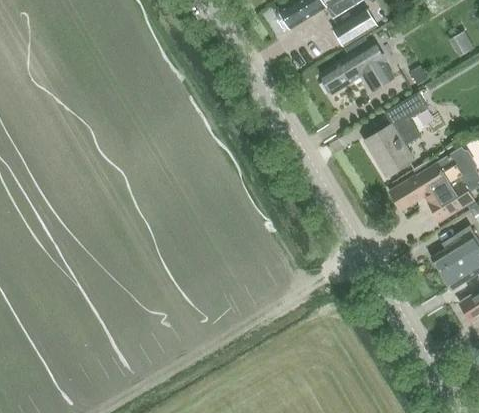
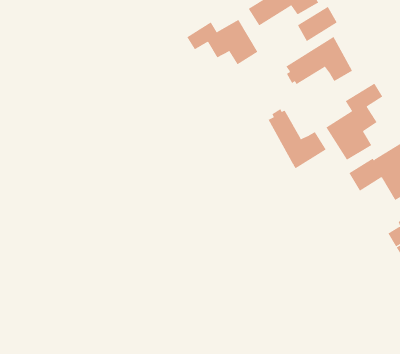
building: none -> [186,19,258,65]
building: none -> [268,108,326,169]

